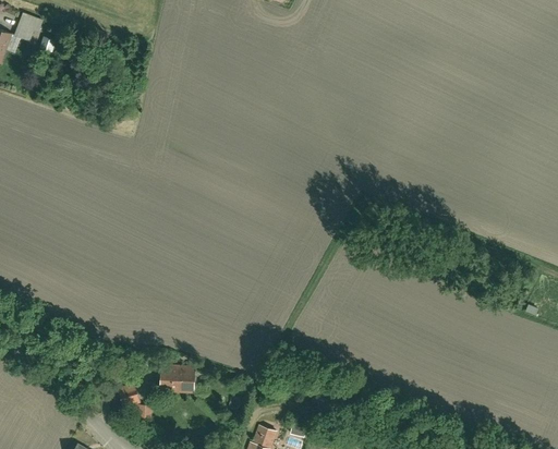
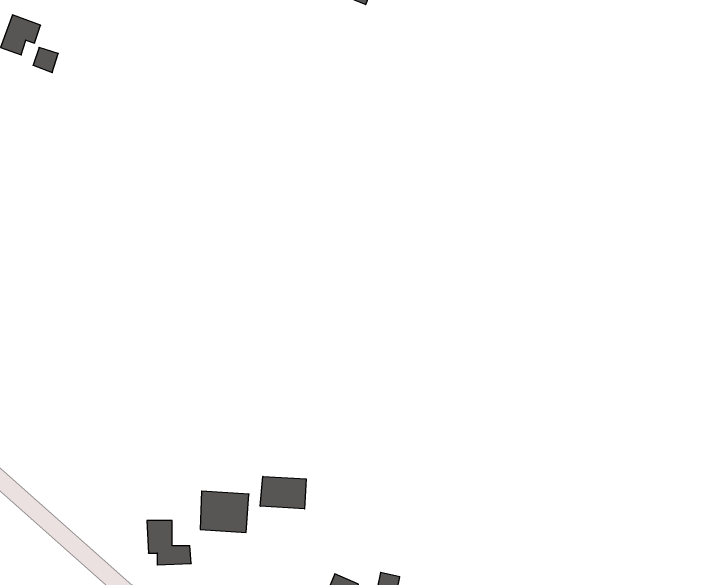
building: none -> [260,476,306,509]

